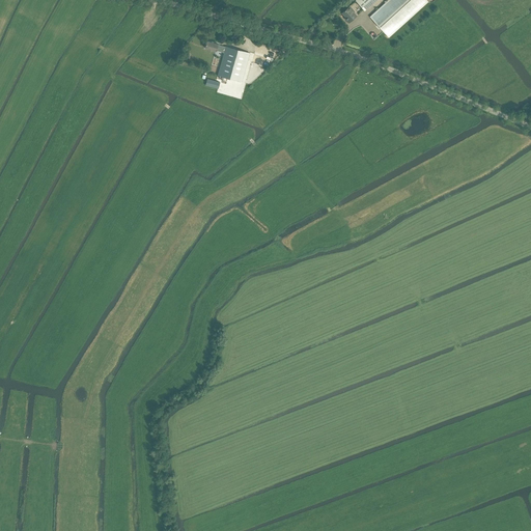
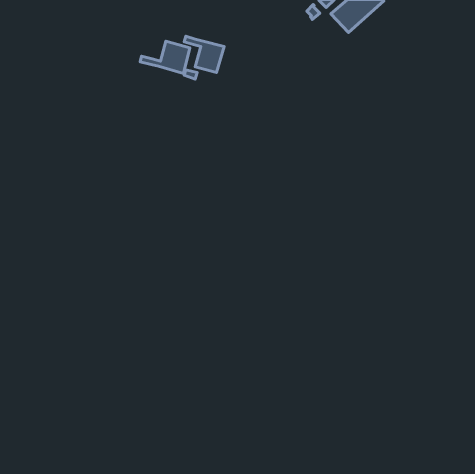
building: none -> [140,41,190,73]

